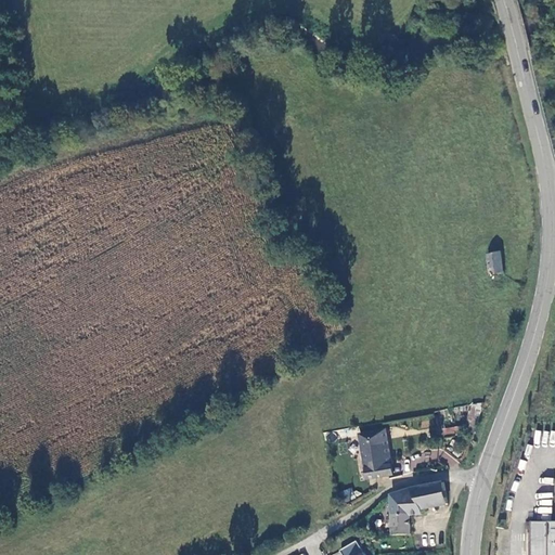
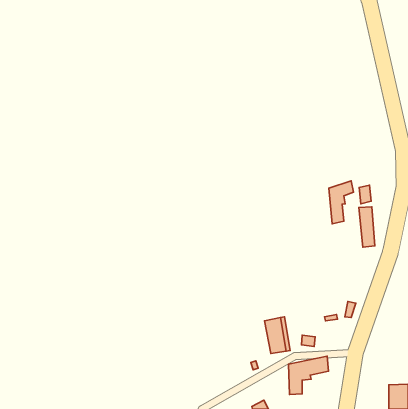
building: none -> [329,181,354,224]
building: none -> [359,207,375,247]

